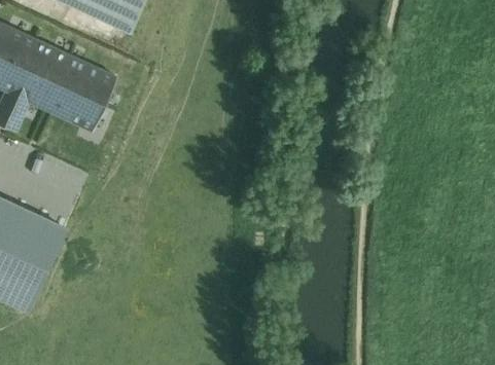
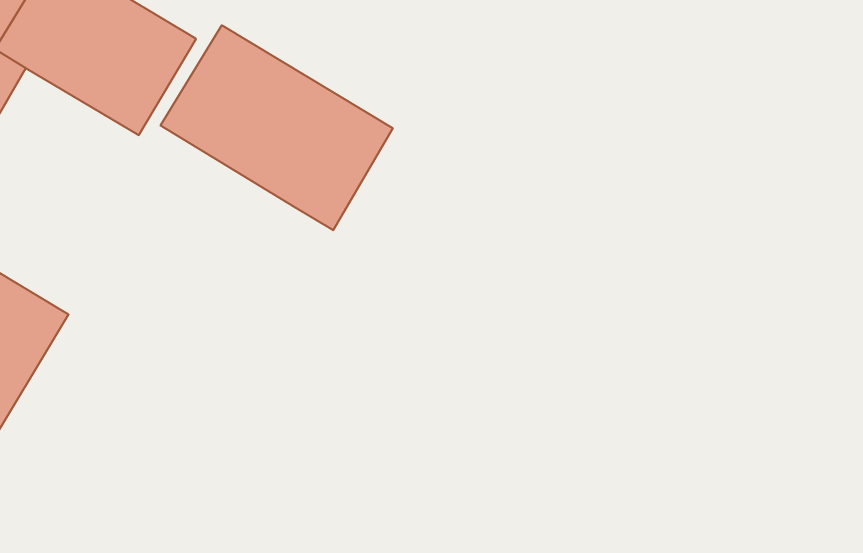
building: none -> [161,25,393,230]

